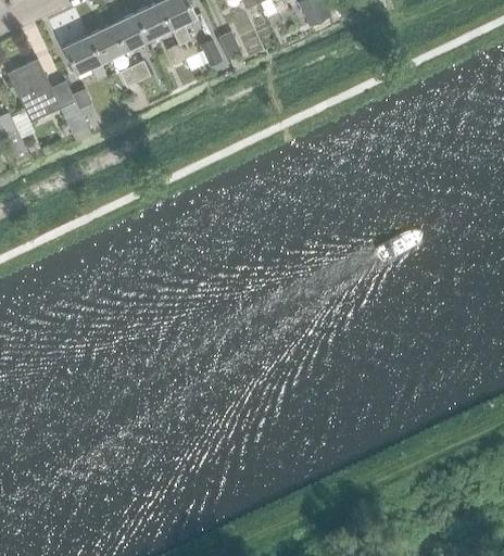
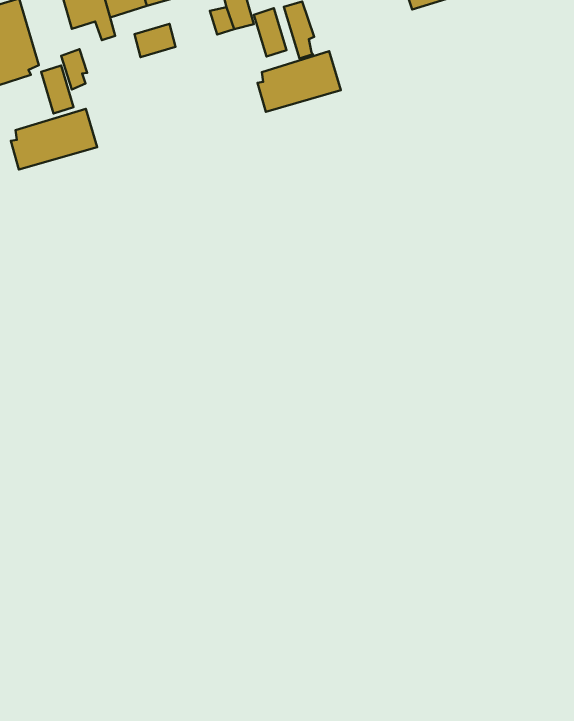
building: none -> [257,51,341,112]
building: none -> [11,109,97,170]

